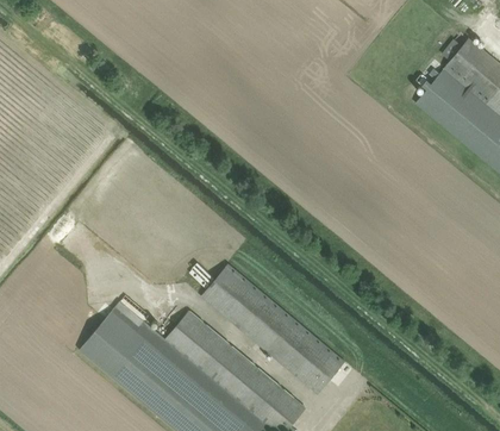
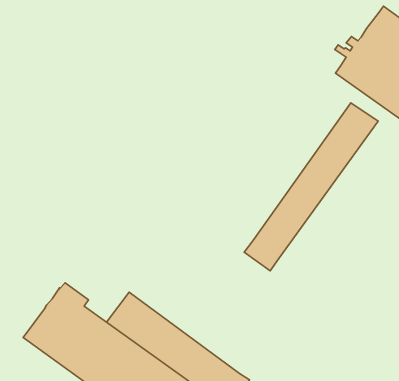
building: none -> [244,103,378,271]
building: [202,264,344,393] -> none

